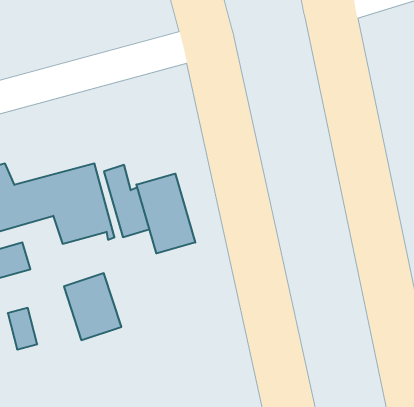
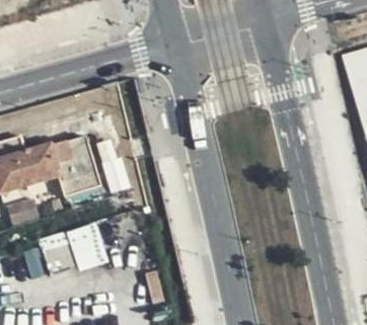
building: [136,174,195,253] -> none
building: none -> [40,231,76,274]

